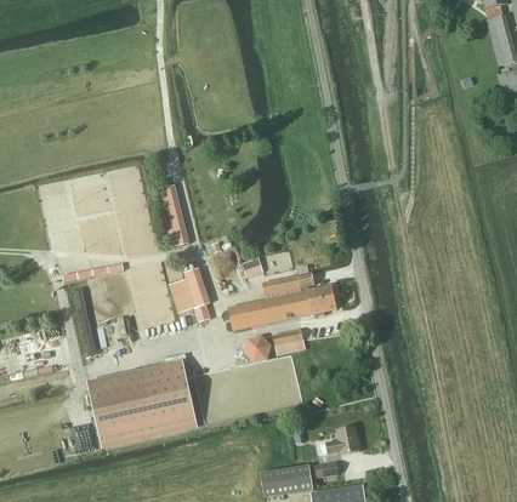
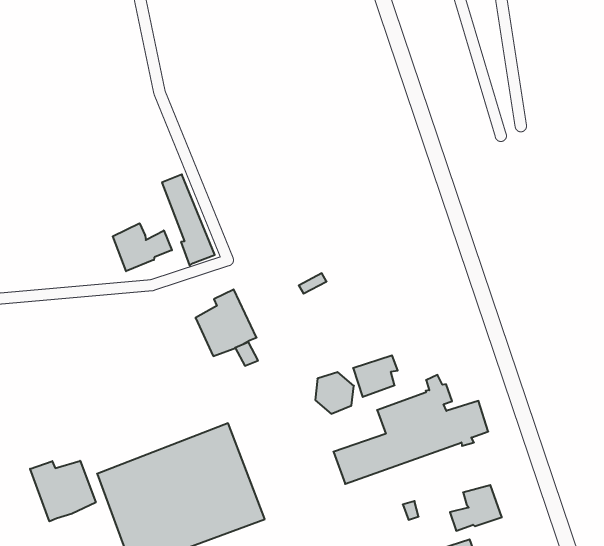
building: none -> [113,223,172,271]
building: [227,264,335,330] -> [333,375,488,484]
building: none -> [30,461,96,521]

